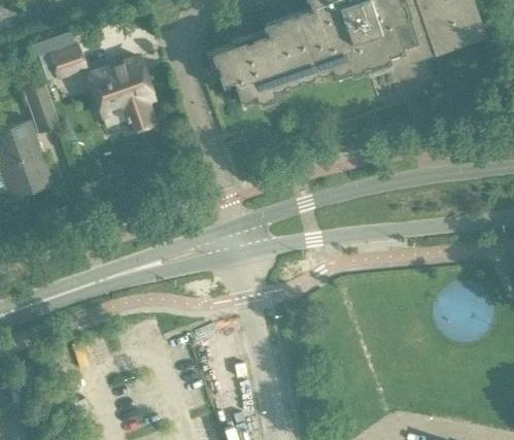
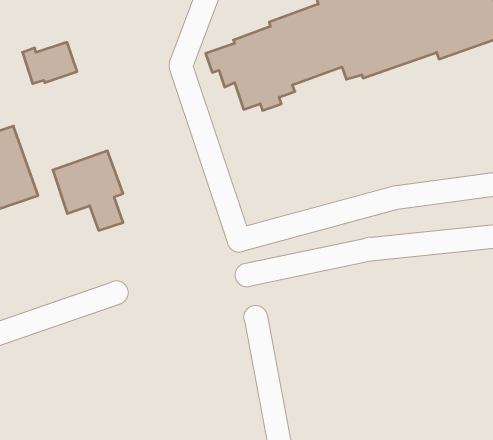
building: [90,57,155,130] -> [53,151,123,230]
building: [24,87,57,132] -> none

